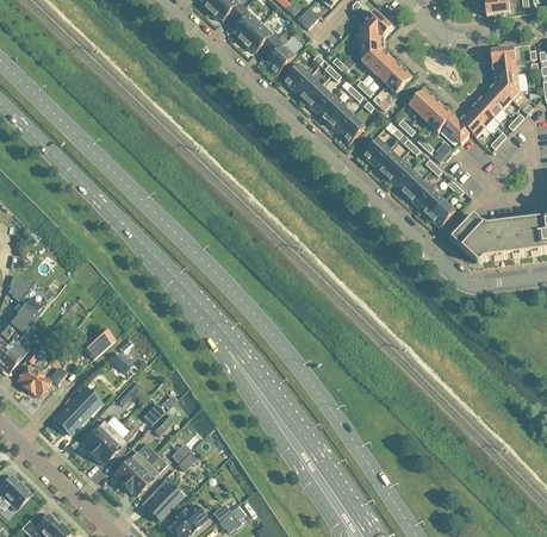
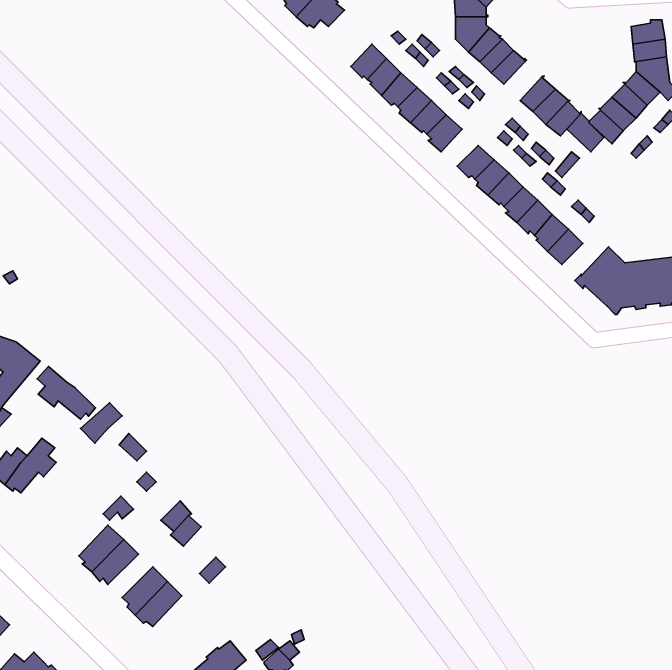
building: [266,38,296,74] -> none
building: none -> [37,367,96,419]
building: [55,394,93,432] -> none
building: [145,480,180,519] -> none

